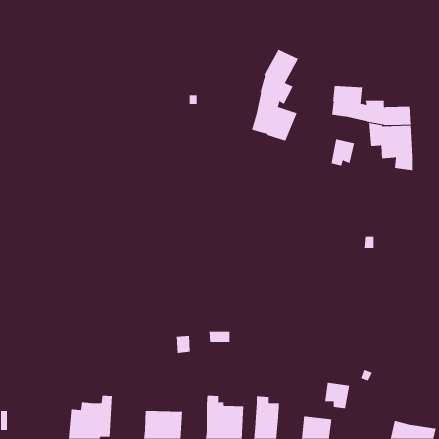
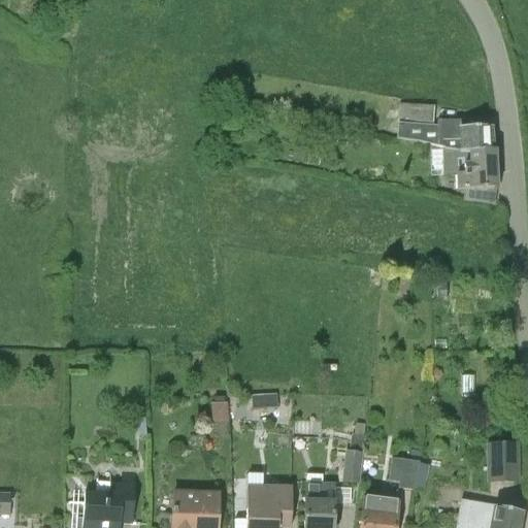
building: [252,49,299,142] -> none
building: [331,139,355,166] -> none
building: none -> [342,433,365,483]
building: none -> [490,443,520,482]

